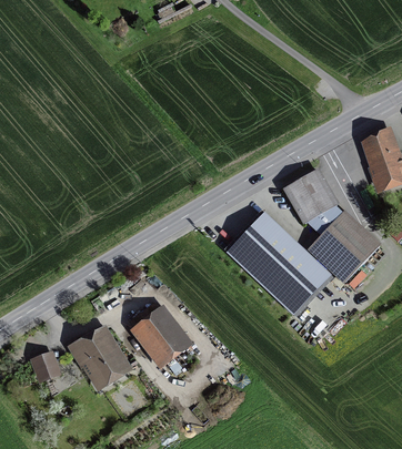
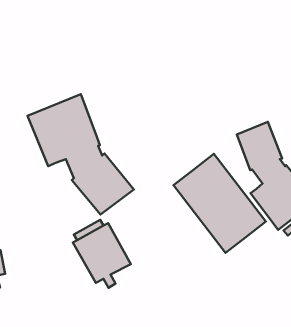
building: none -> [27,94,134,215]
building: [70,326,134,395] -> none

